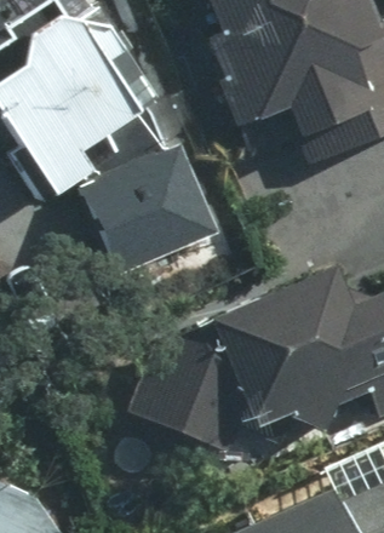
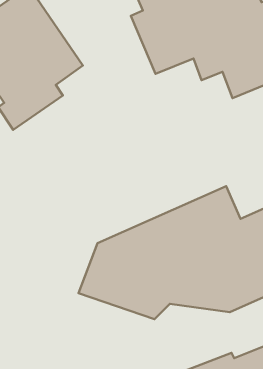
building: [87,148,216,264] -> none

